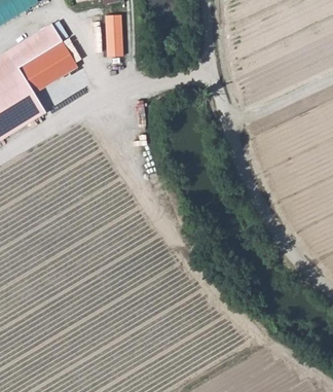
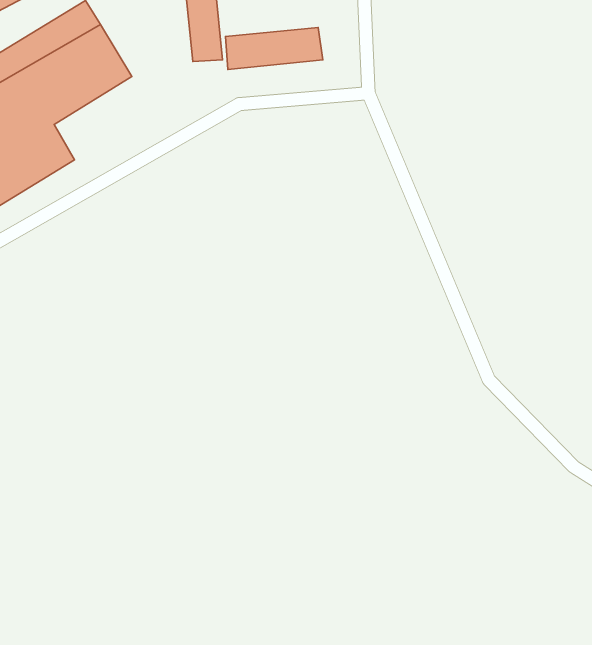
building: none -> [226,27,323,69]

